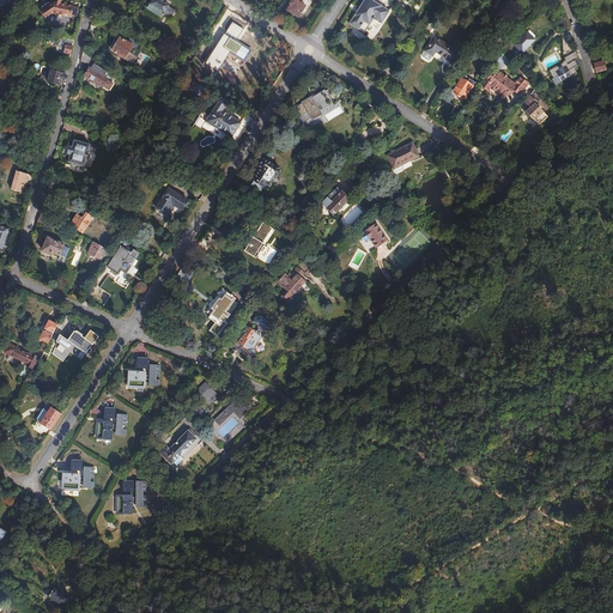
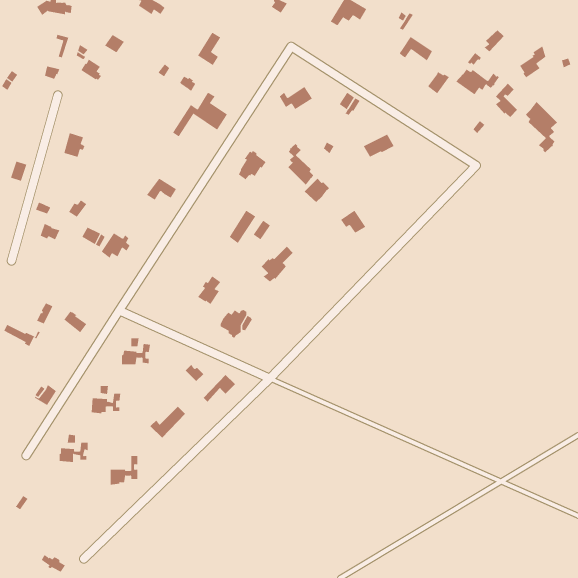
building: none -> [526,101,558,153]
building: none -> [287,143,314,185]

